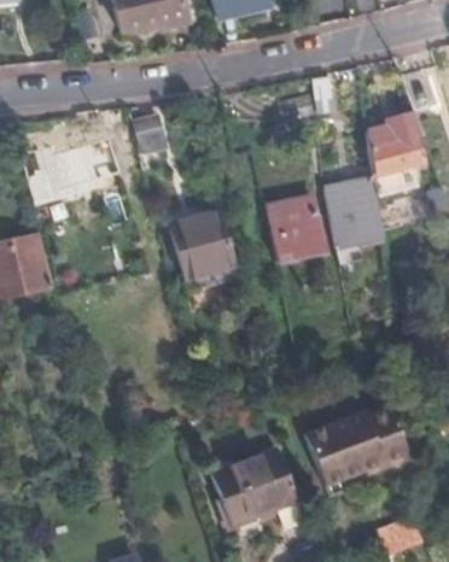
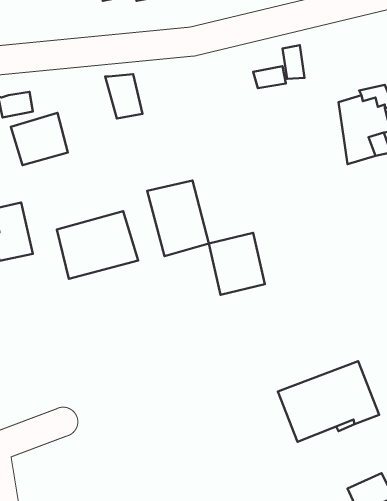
building: [323,174,383,233] -> none
building: [264,197,322,260] -> [209,233,265,295]
building: none -> [57,211,138,279]
building: [214,449,296,523] -> none

